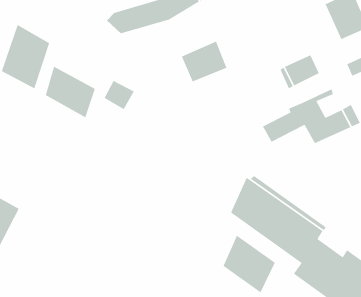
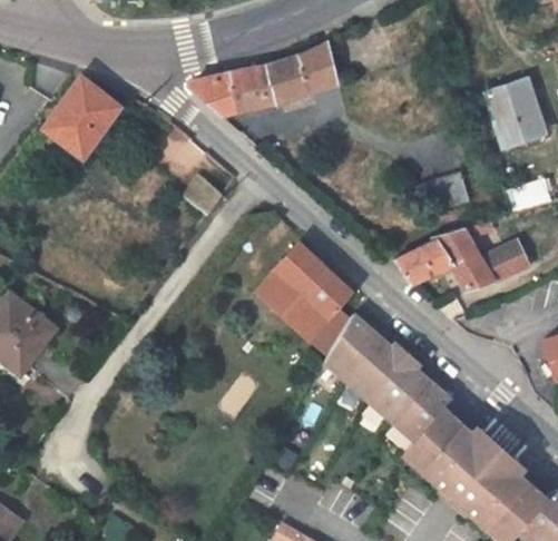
building: [181,40,227,83] -> none
building: [45,65,96,118] -> none
building: none -> [264,253,358,365]
building: [223,235,276,294] -> none

